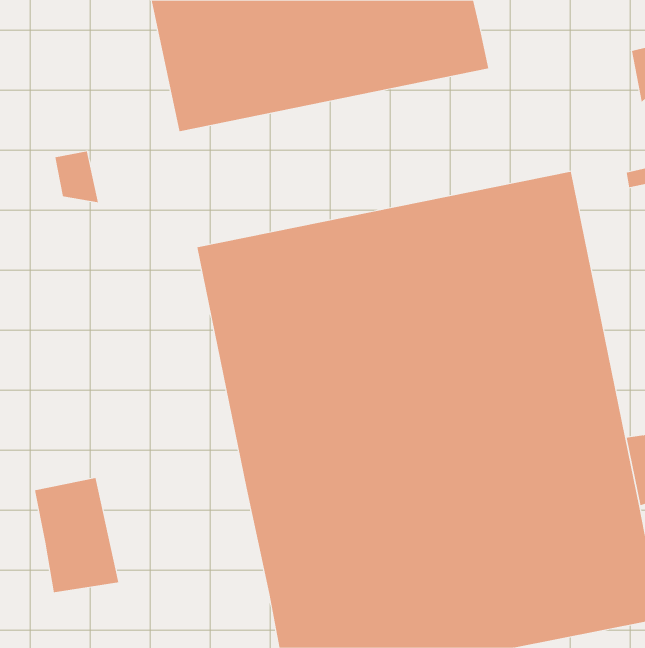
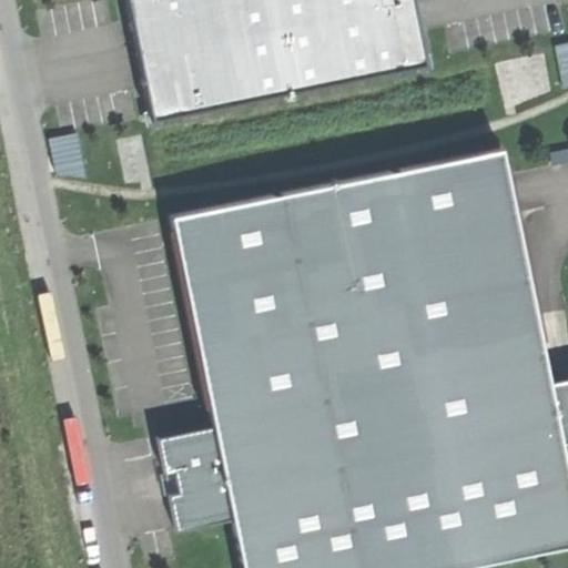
building: [34,477,119,593] -> [163,427,237,528]

